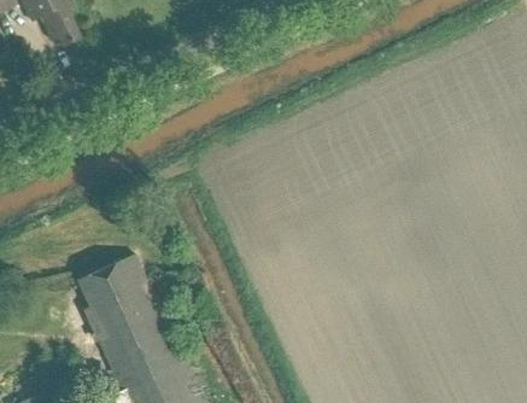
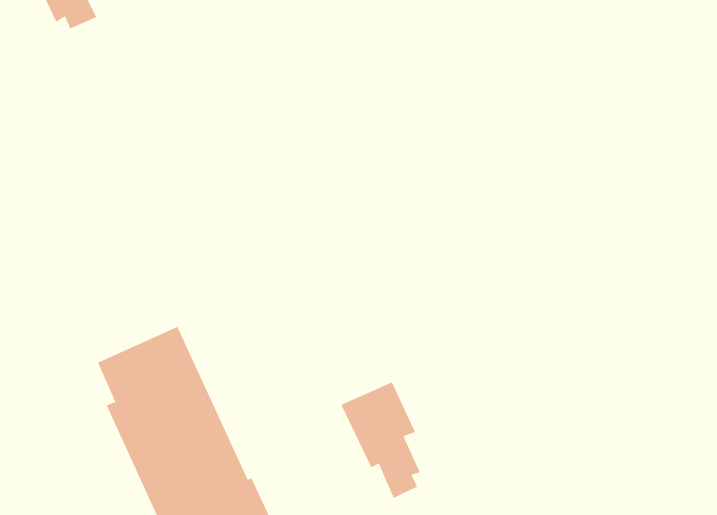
building: none -> [340,381,421,499]

